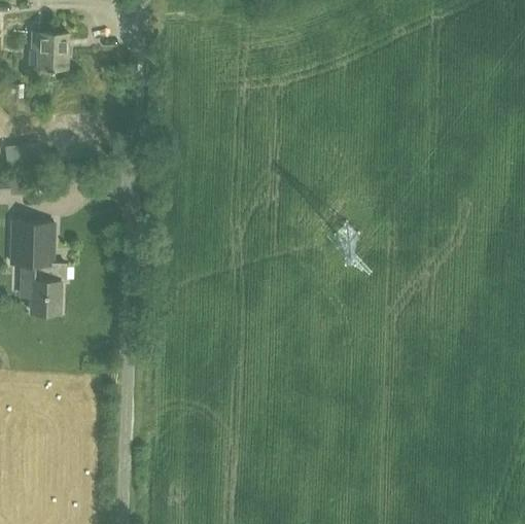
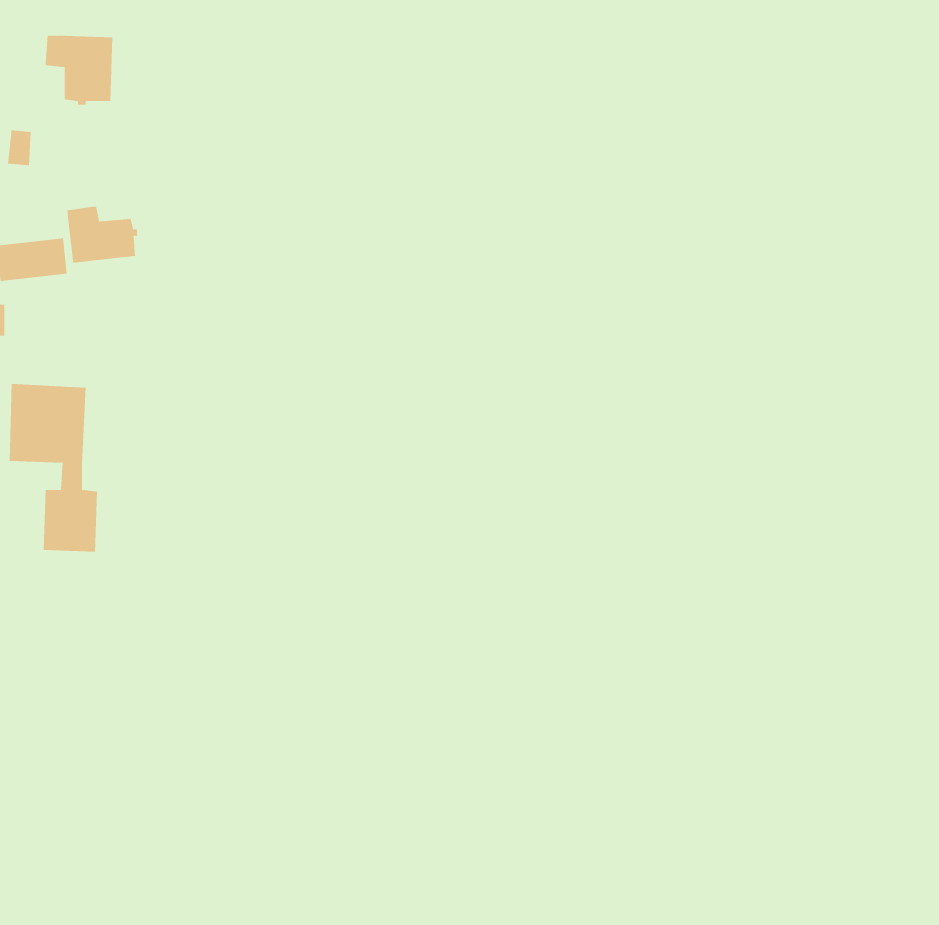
building: none -> [67,206,138,264]

